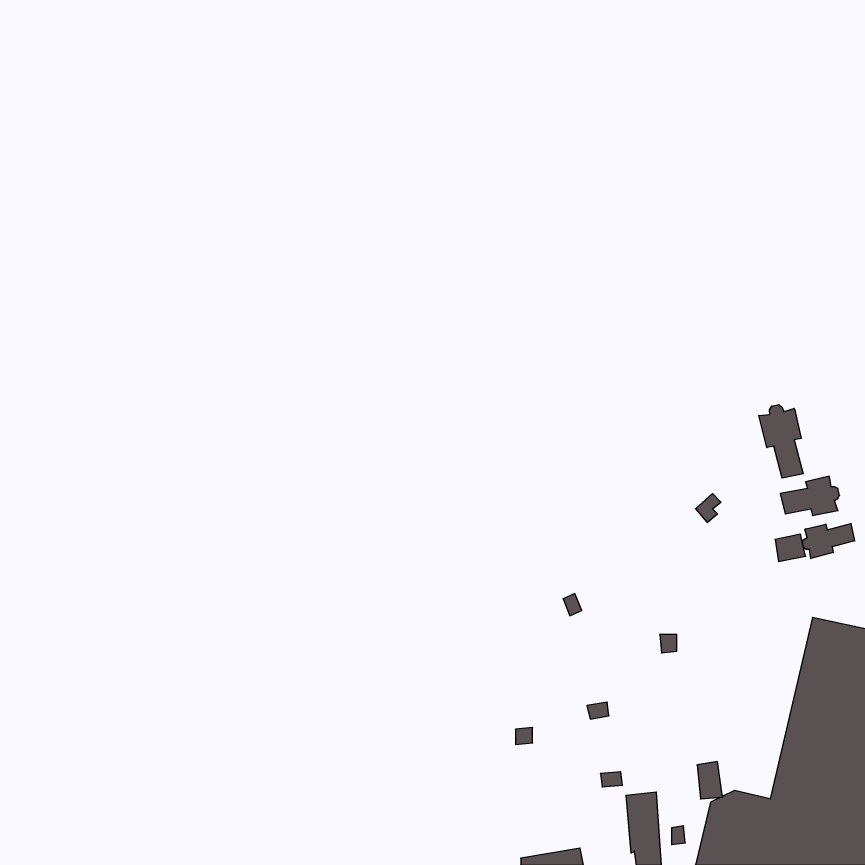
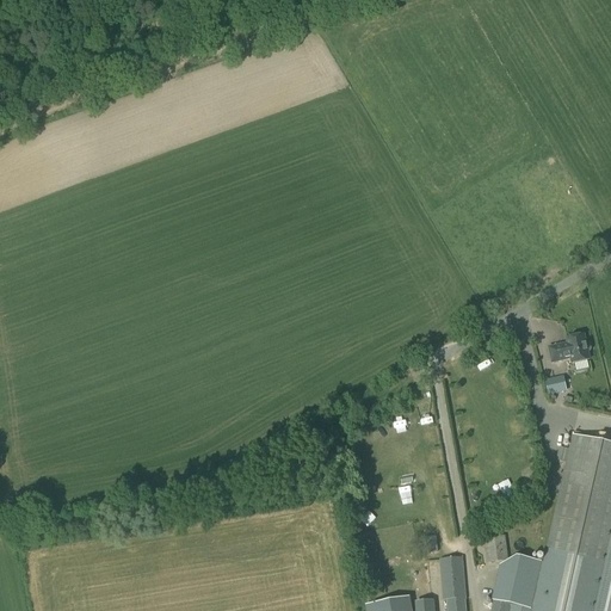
building: [759,405,803,478] -> none
building: [802,523,855,559] -> none

